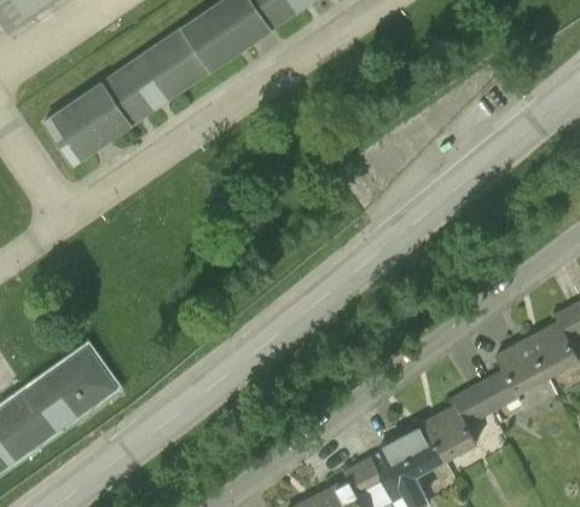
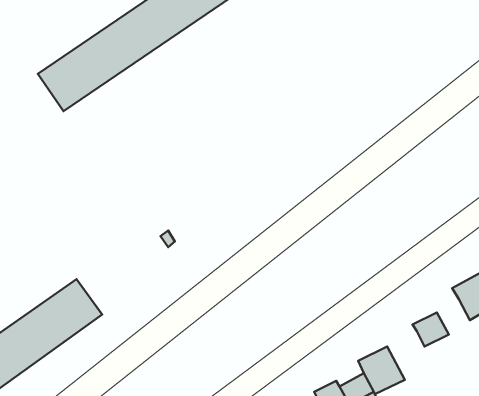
building: [481,370,518,409] -> none
building: [427,405,477,459] -> none

